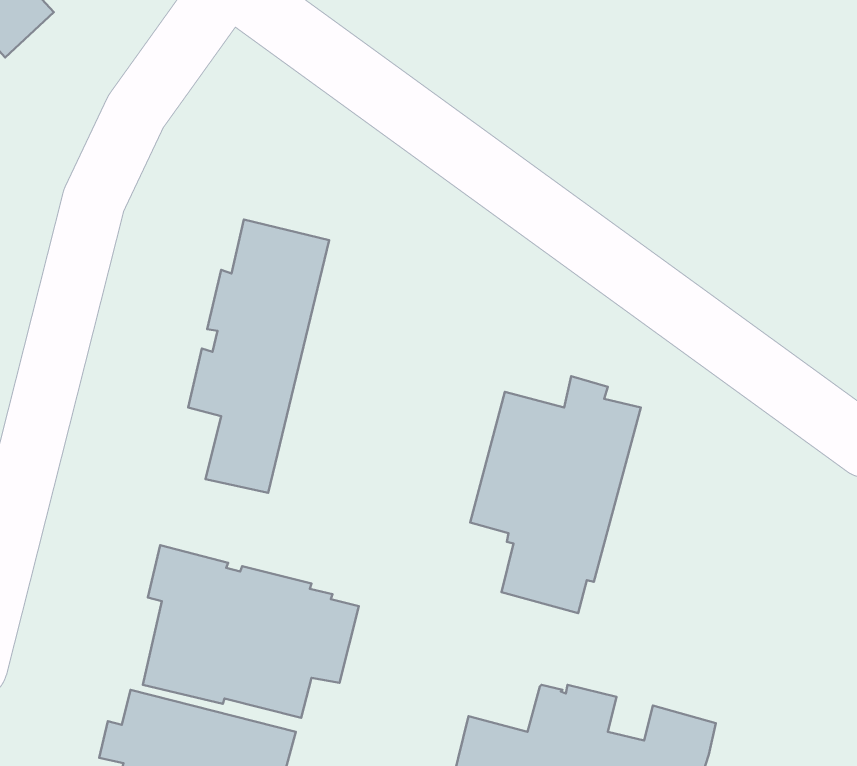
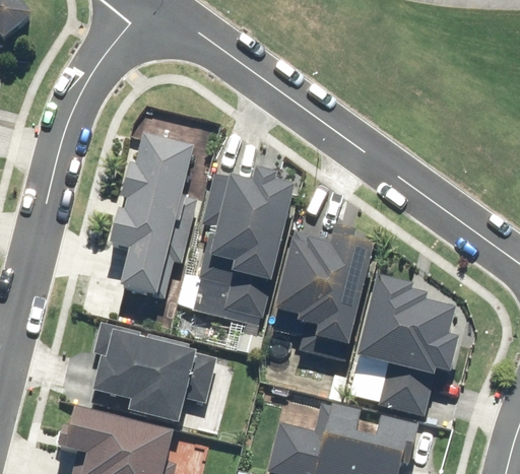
building: none -> [186,166,296,326]
building: none -> [358,274,459,414]

